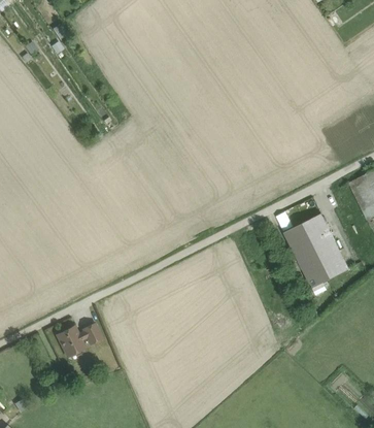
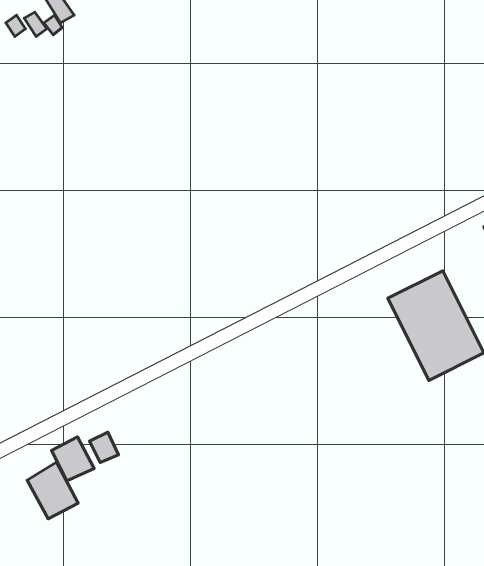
building: none -> [27,462,78,519]

